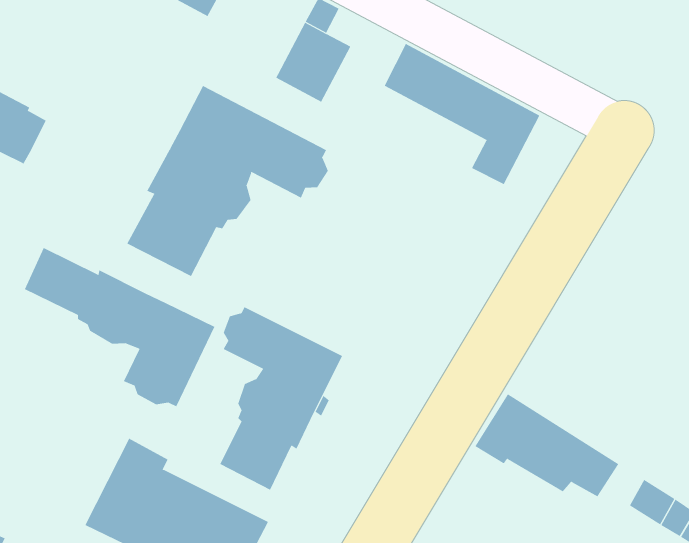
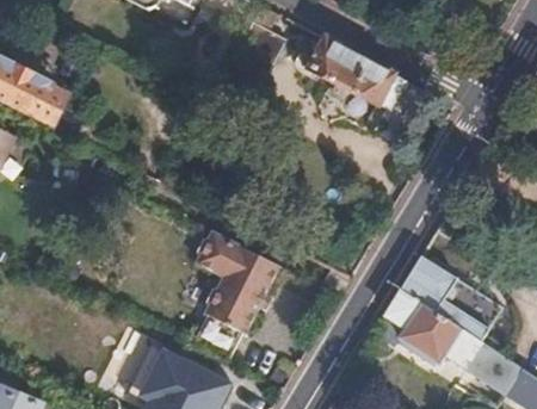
building: [126,85,328,277] -> none
building: [24,247,215,407] -> none
building: none -> [401,256,504,343]

